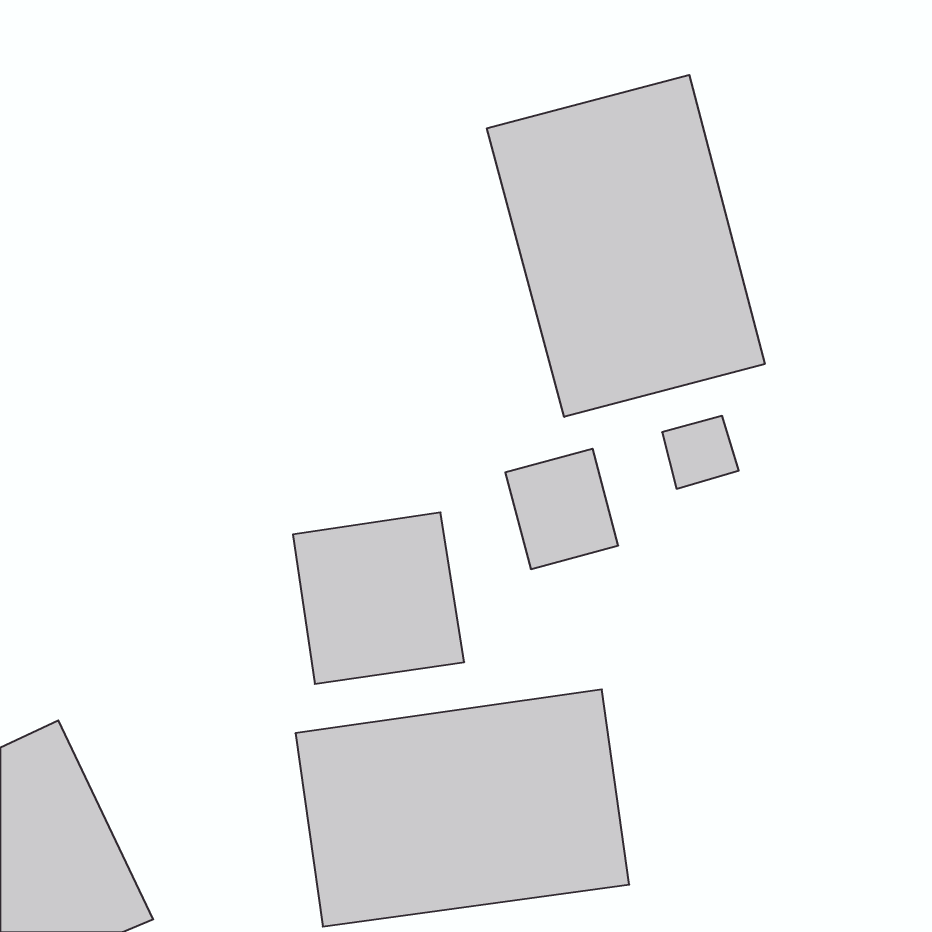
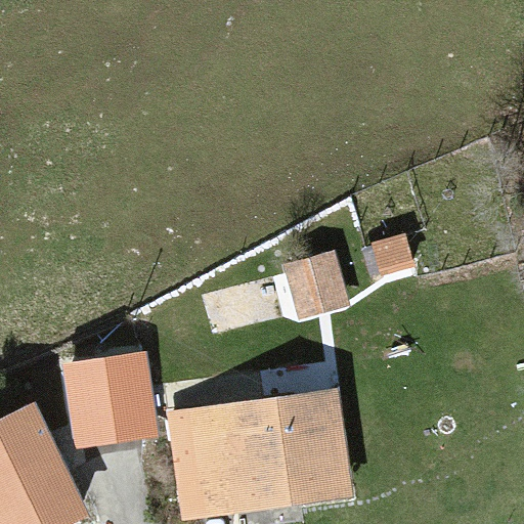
building: [487,75,765,417] -> none
building: [293,512,464,684] -> [62,352,159,448]

